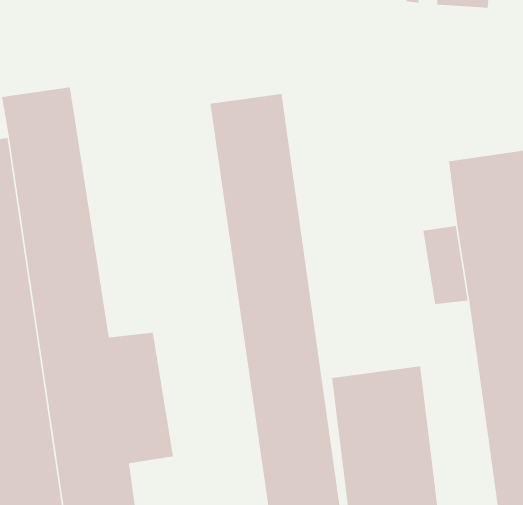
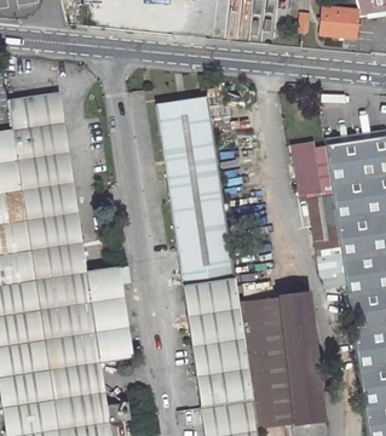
building: none -> [295,139,322,193]

